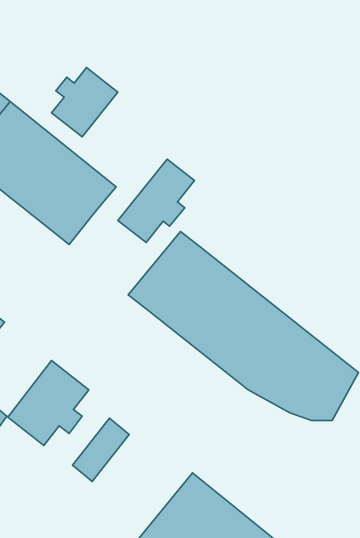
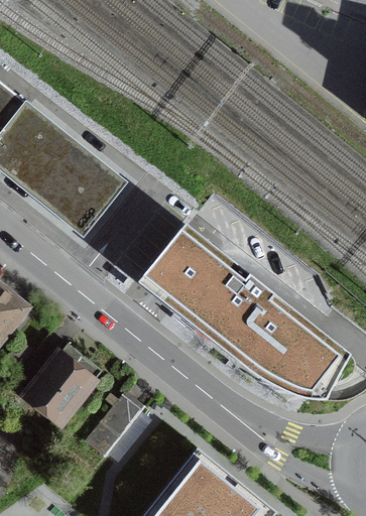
building: [52,68,118,137] -> none
building: [118,159,195,242] -> none

